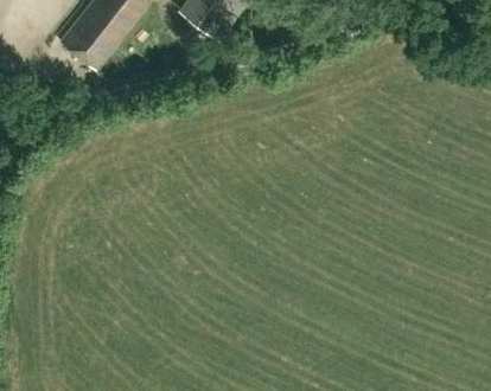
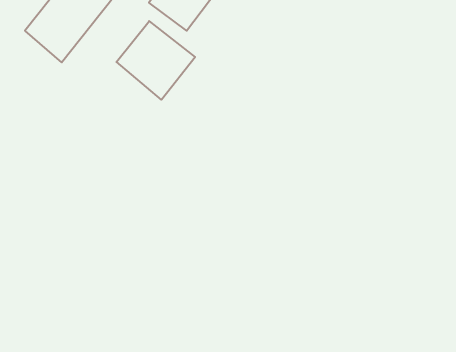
building: none -> [116,21,195,100]

